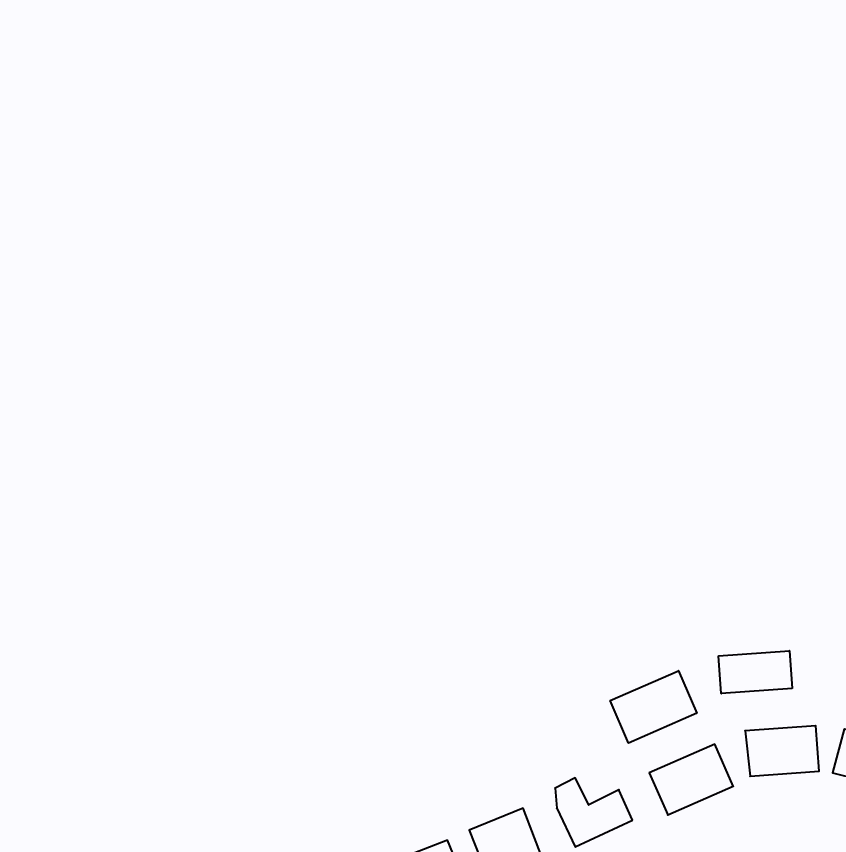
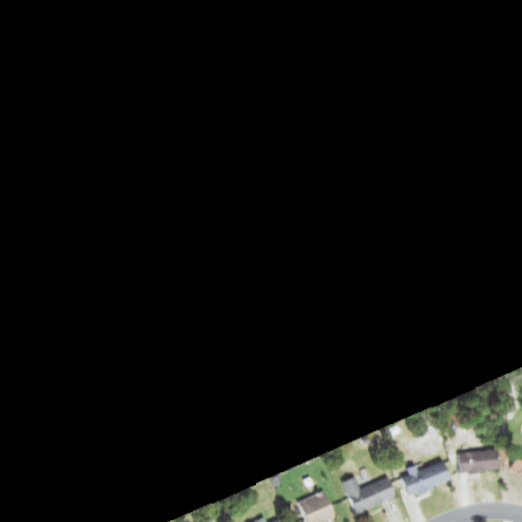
building: [719,651,792,694] -> none
building: [610,671,697,743] -> none

